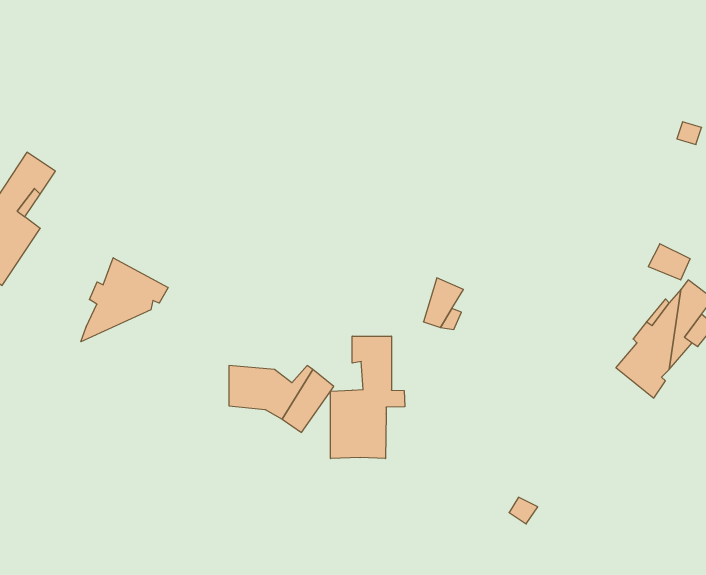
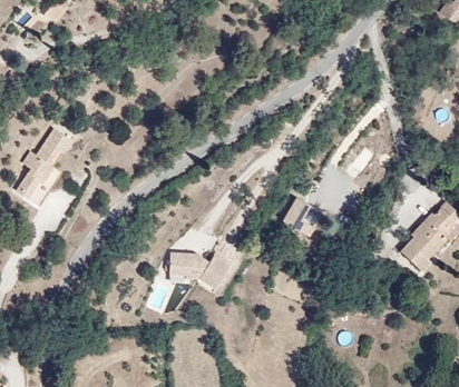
building: [81,258,168,342] -> none
building: [331,336,405,459] -> none

